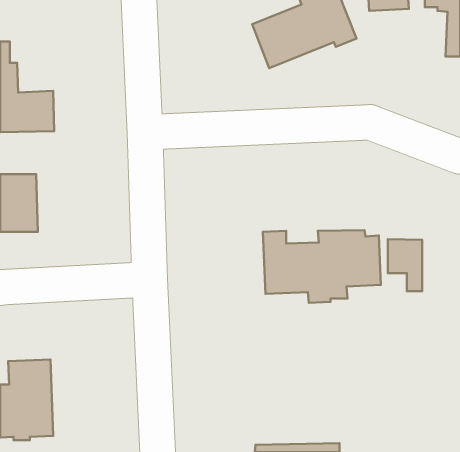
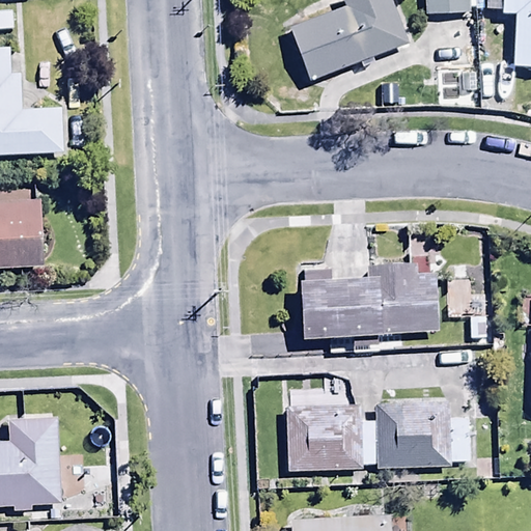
building: none -> [287,398,469,470]

